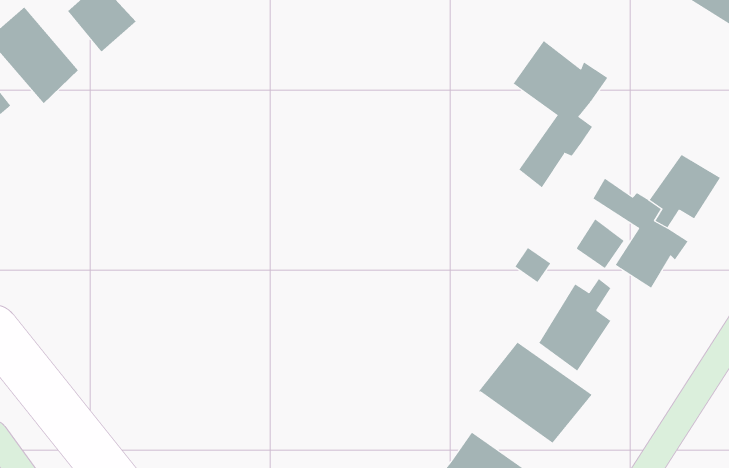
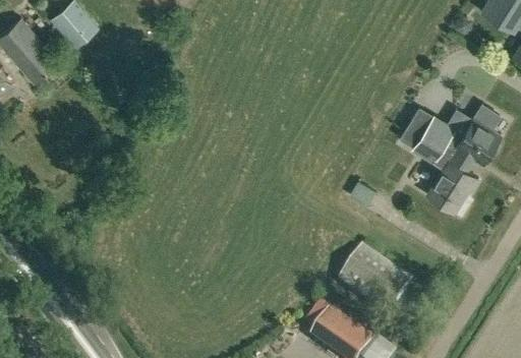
building: [513,40,608,188] -> none
building: [576,219,624,269] -> [419,110,453,144]
building: [539,278,611,372] -> none

